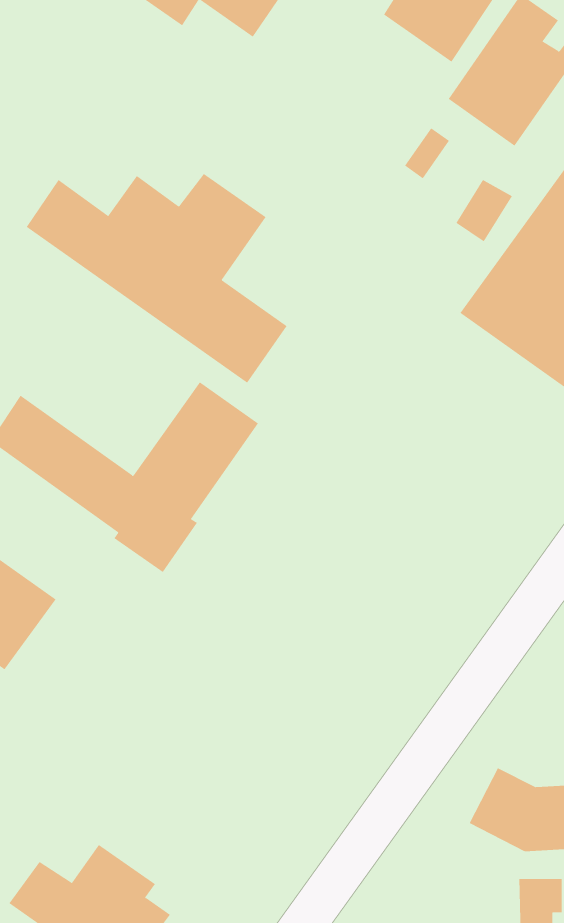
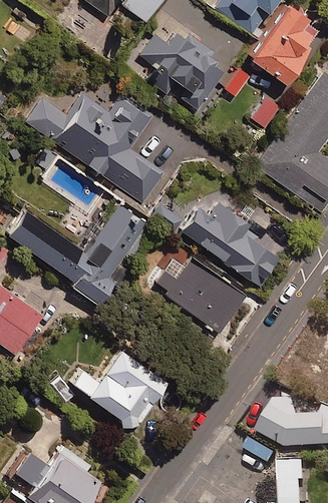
building: none -> [139,32,224,111]
building: none -> [179,199,281,286]
building: none -> [155,256,244,330]
building: none -> [71,347,167,424]

